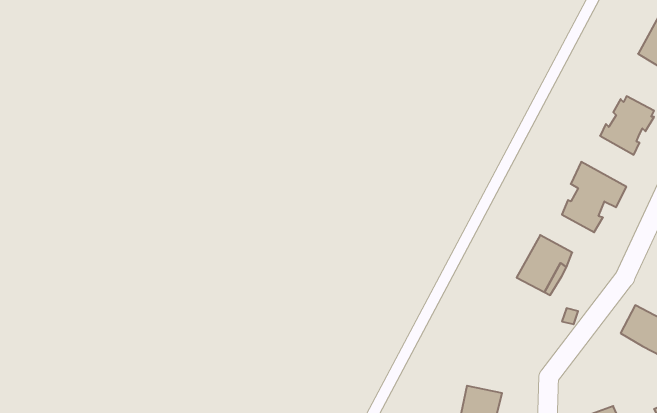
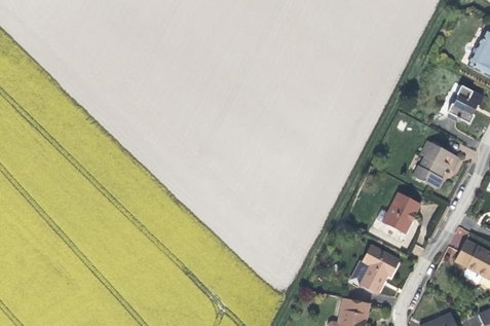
building: none -> [347,245,400,293]

